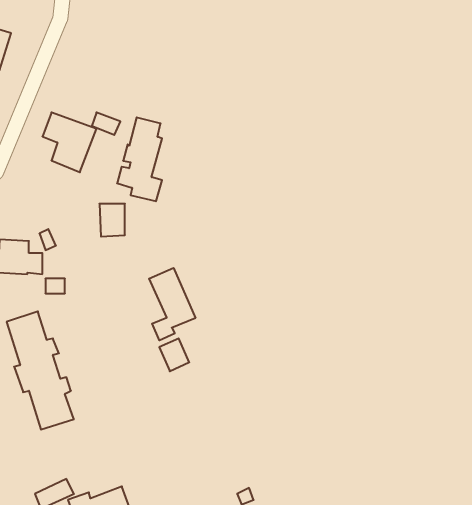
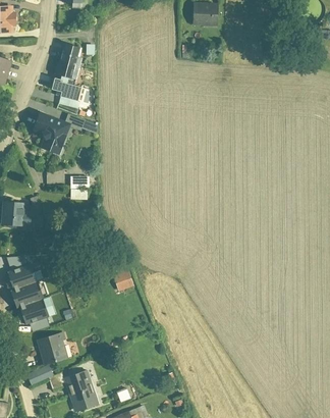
building: [117,117,162,201] -> [52,42,82,99]
building: [149,268,195,340] -> none
building: none -> [36,331,70,363]

